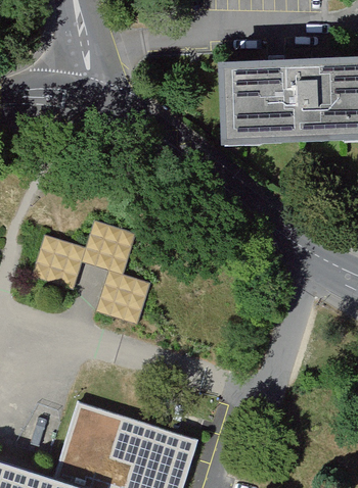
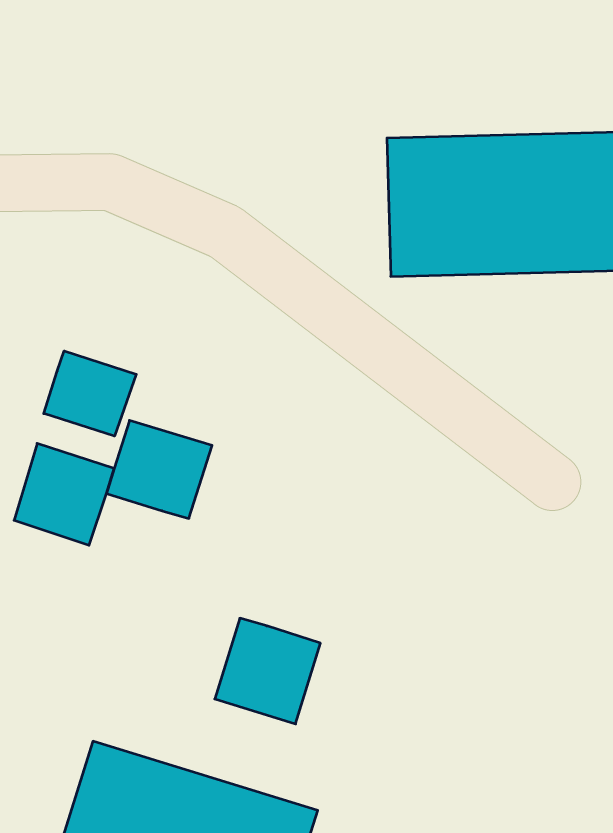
building: none -> [44,351,136,436]
building: [97,274,153,330] -> [215,618,320,724]

